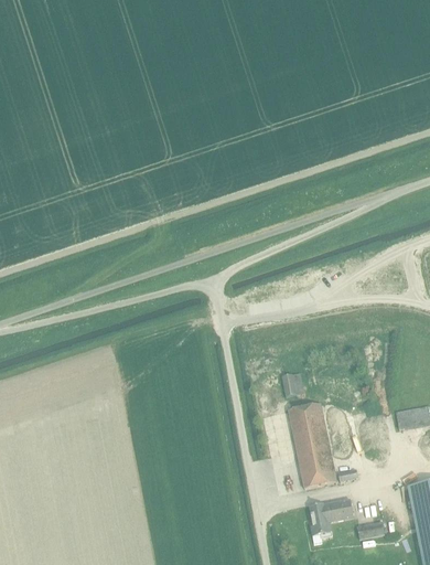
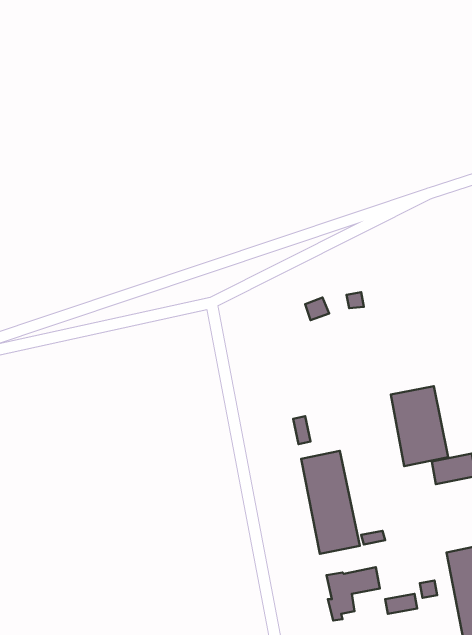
building: none -> [391,386,448,466]

